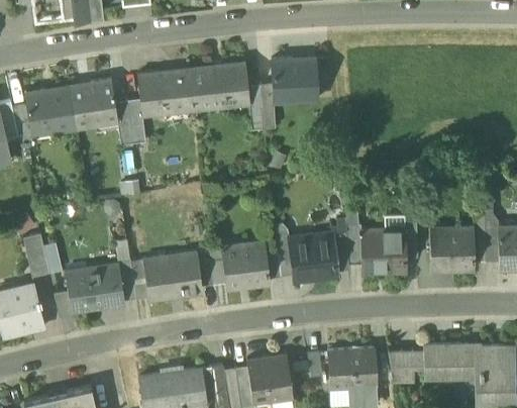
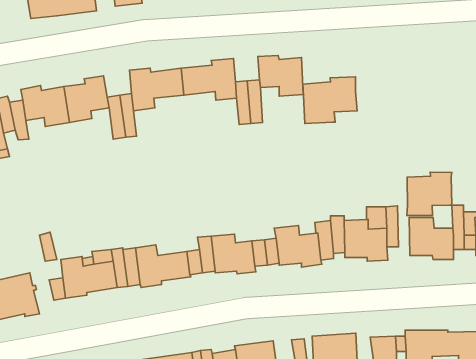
building: none -> [303,77,357,123]
building: none -> [407,172,452,216]
building: [22,233,49,278] -> none

